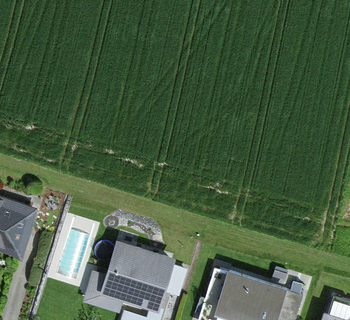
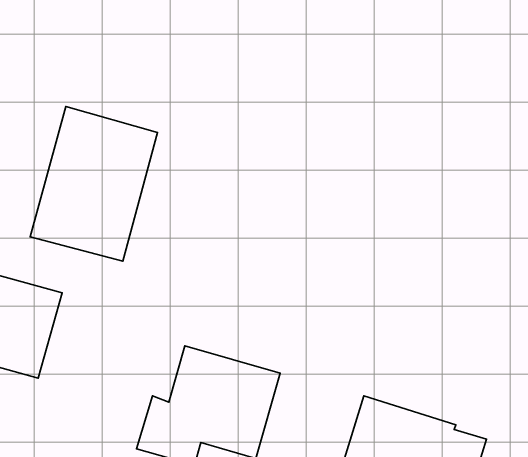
building: none -> [30,107,157,261]

